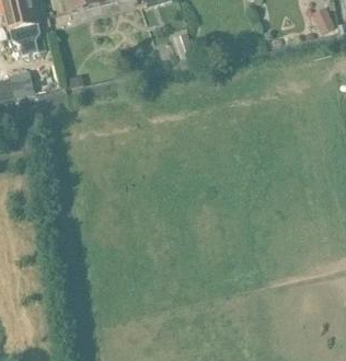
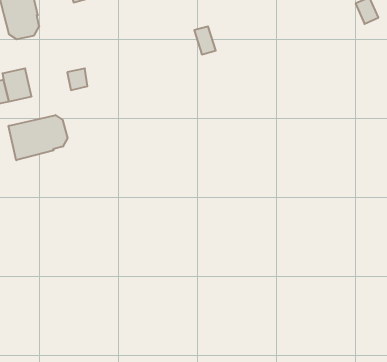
building: none -> [9,115,67,160]

